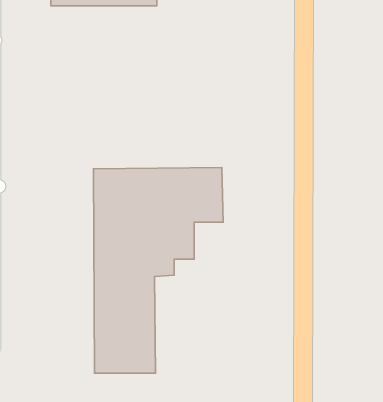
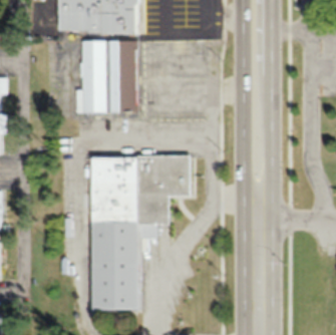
building: none -> [76,41,137,112]

